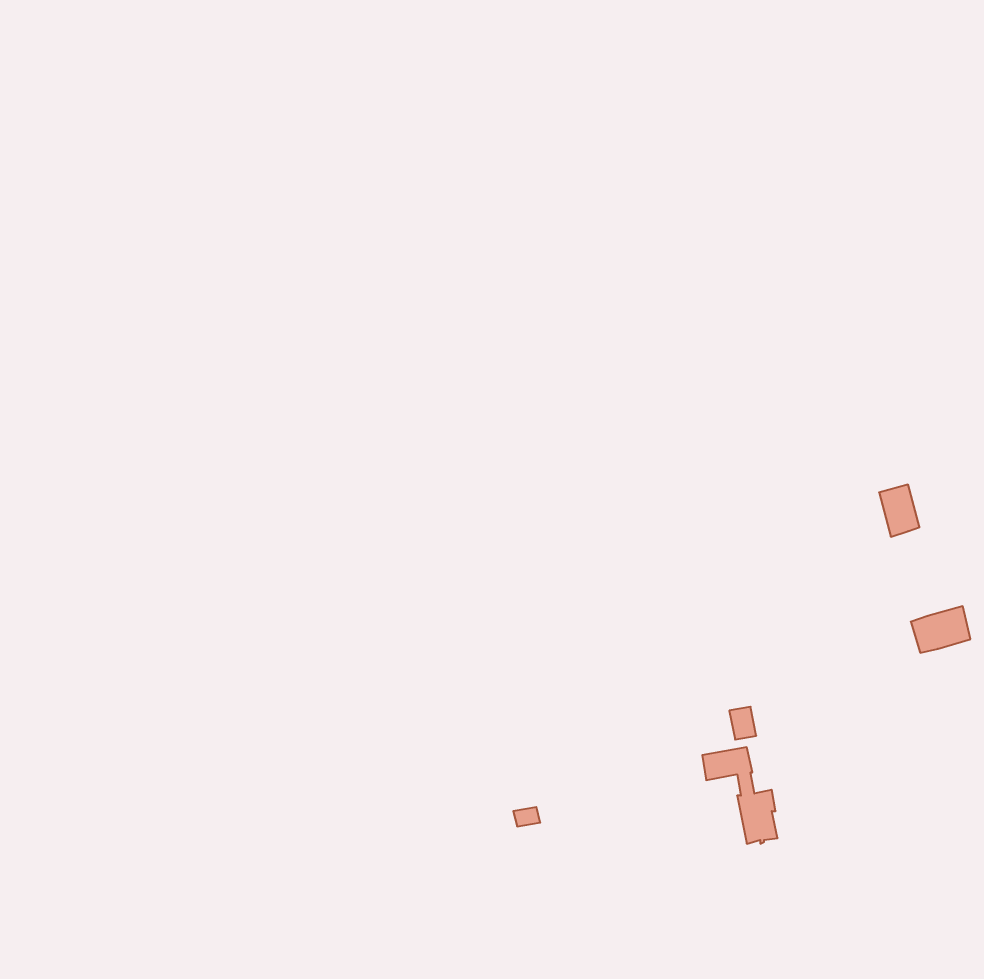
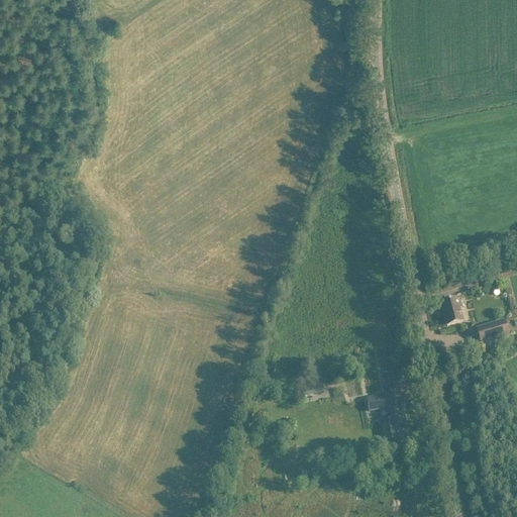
building: [879,485,920,537] -> [442,296,463,323]

